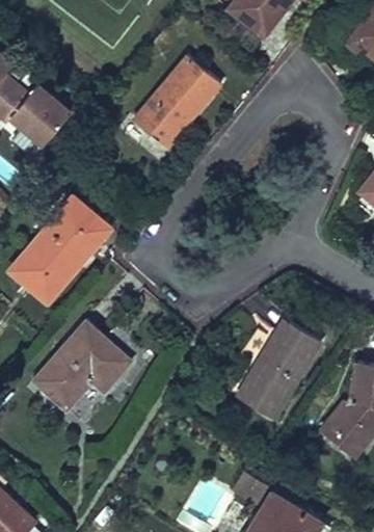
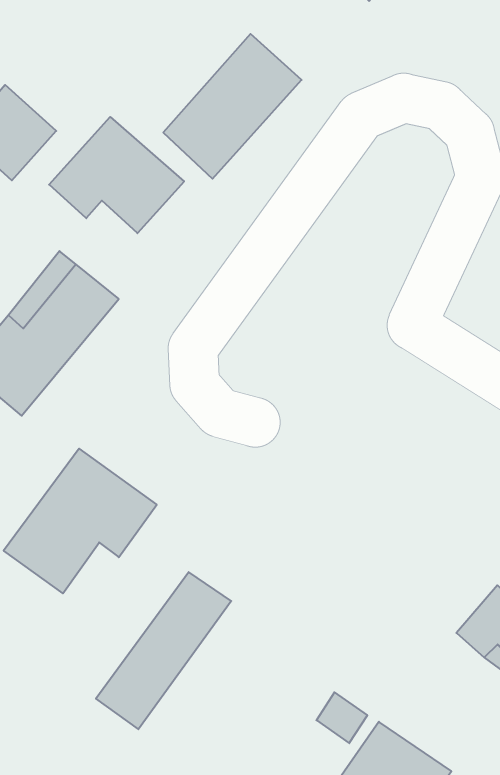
building: none -> [49,117,184,233]
building: [234,317,320,414] -> none
building: none -> [96,572,231,729]

